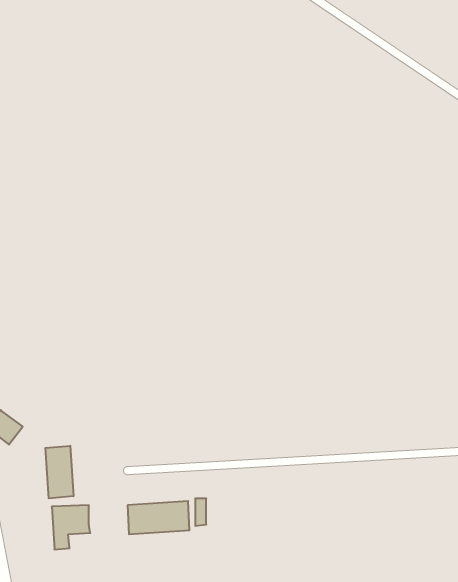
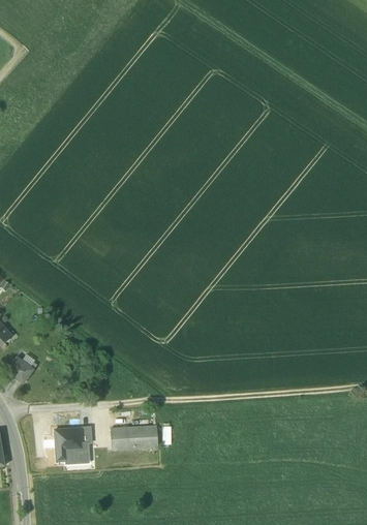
building: [45,446,73,498] -> none

